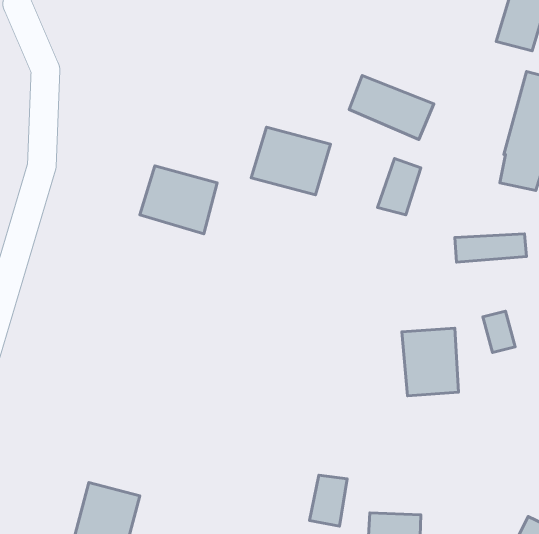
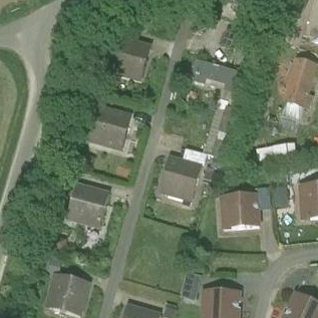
building: [251,127,331,195] -> [107,35,149,71]
building: none -> [161,155,202,192]
building: none -> [67,183,108,219]

